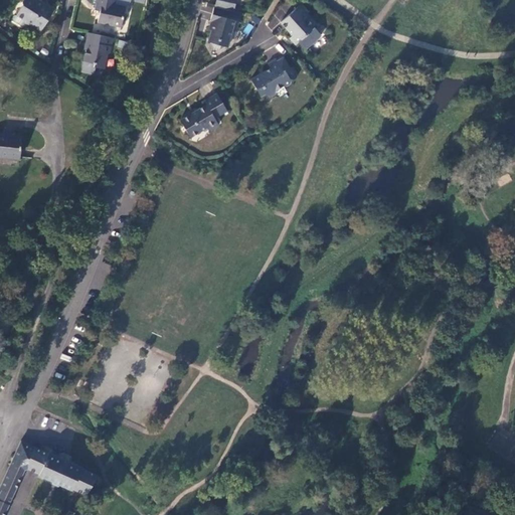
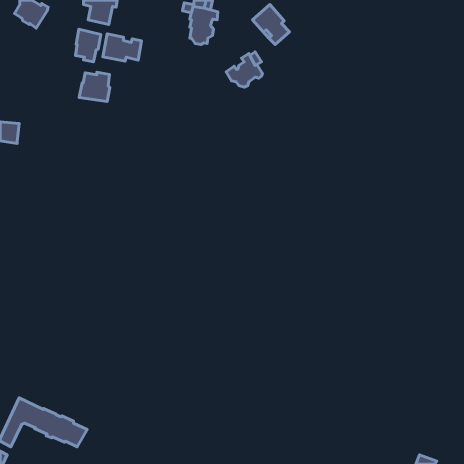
building: none -> [103,34,141,61]
building: none -> [79,72,110,101]
building: [180,94,226,138] -> none

